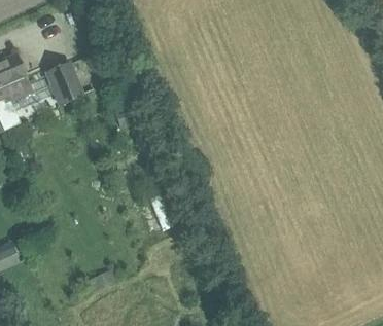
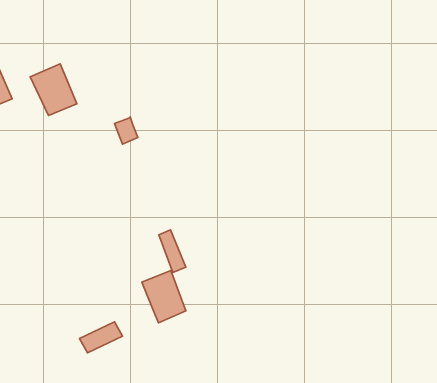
building: none -> [142,270,186,323]

